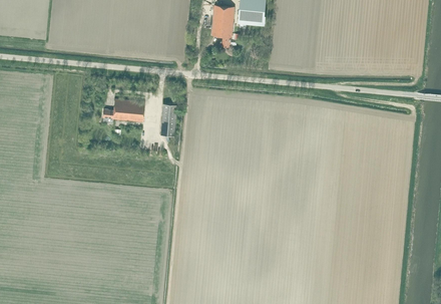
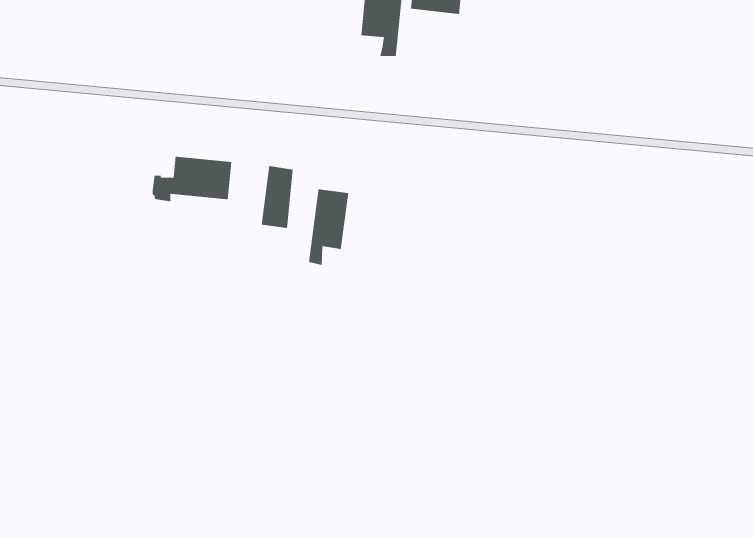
building: none -> [309,189,349,266]

